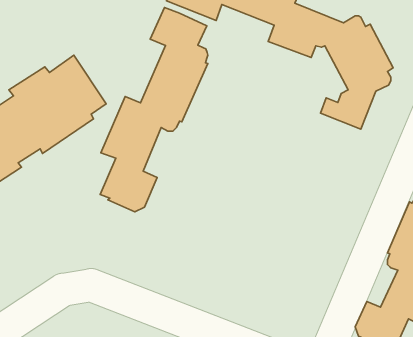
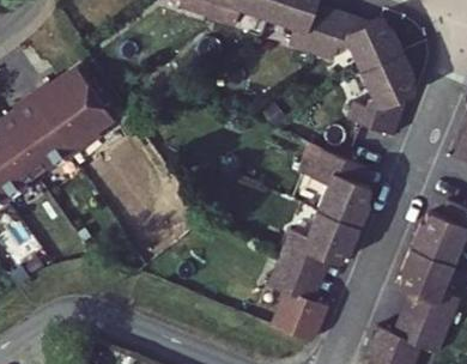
building: [100,8,208,212] -> none
building: none -> [263,150,368,334]

